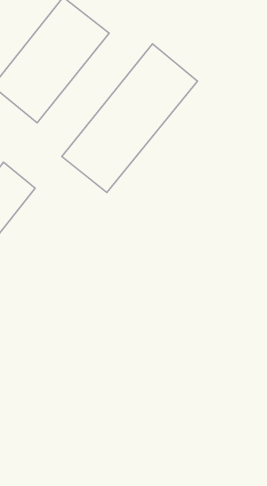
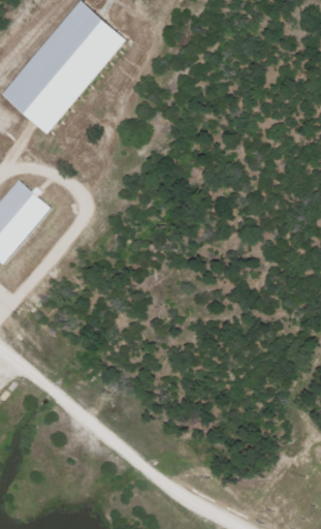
building: [62,44,198,193] -> none

